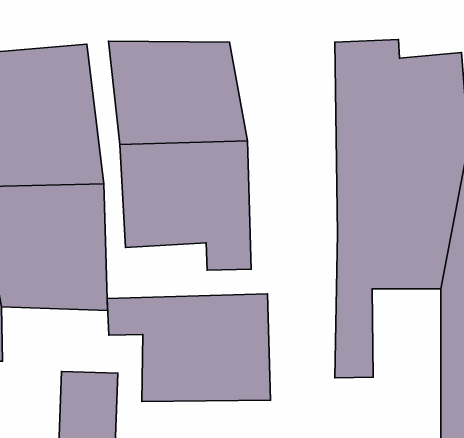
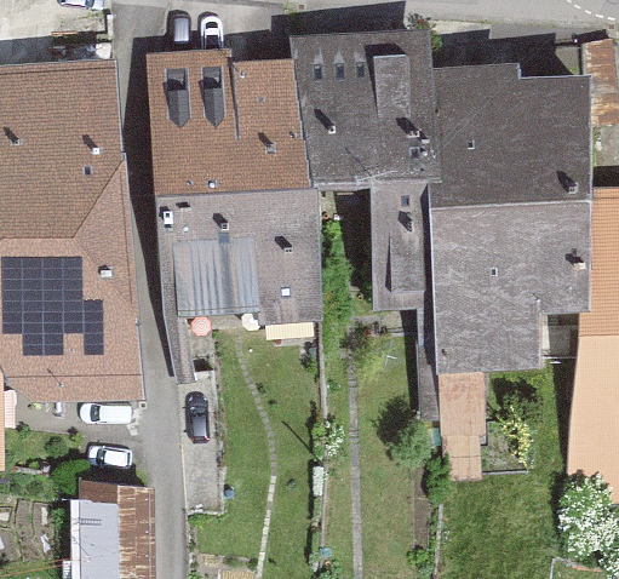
building: none -> [294,27,437,305]
building: [107,294,271,402] -> none

